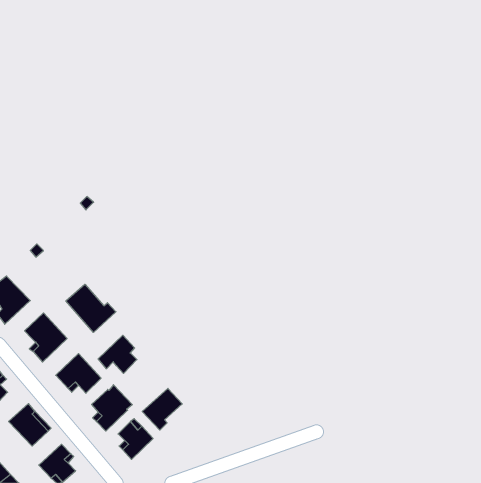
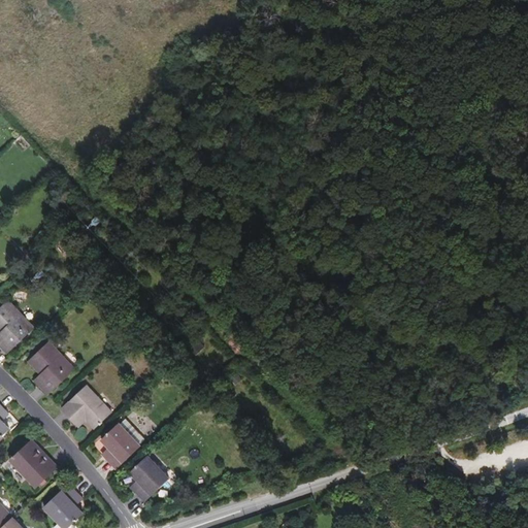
building: [66,284,116,332] -> none
building: [98,335,137,373] -> none
building: [142,388,182,430] -> none

